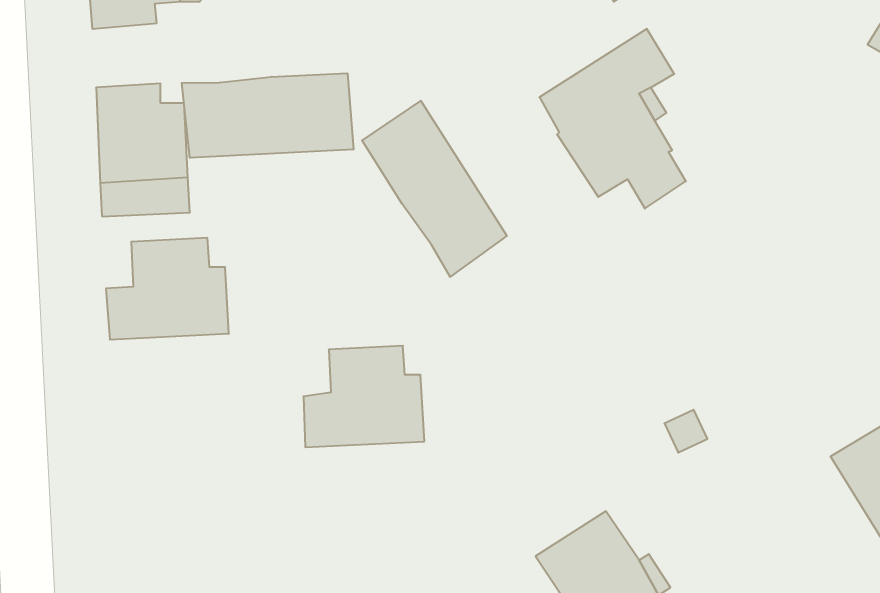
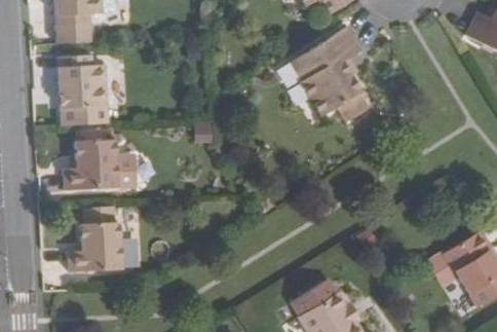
building: [182,73,354,158] -> none
building: [362,101,507,277] -> none
building: [303,346,424,447] -> [69,218,132,271]

